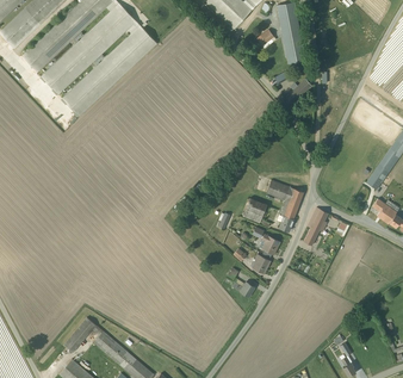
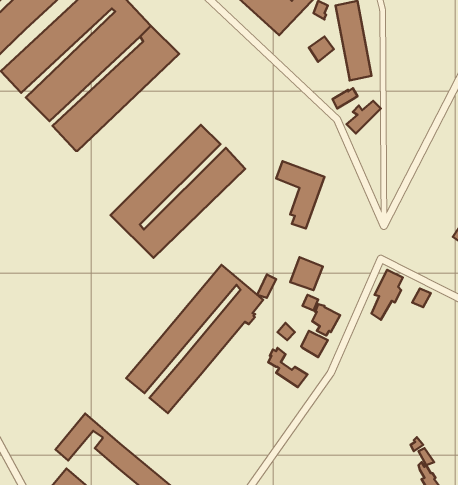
building: none -> [111,125,245,258]
building: [266,179,303,230] -> [276,161,325,229]
building: none -> [126,265,263,413]

